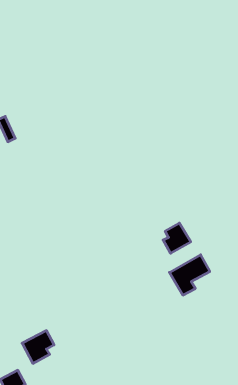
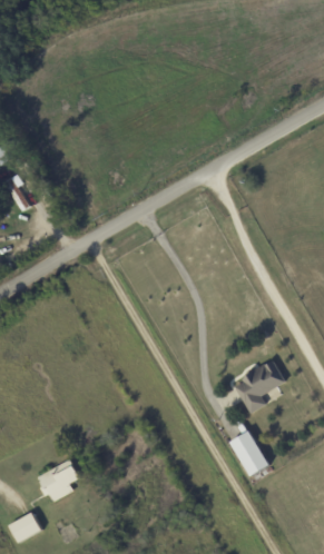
building: [163,223,191,253] -> none
building: none -> [228,429,268,476]

